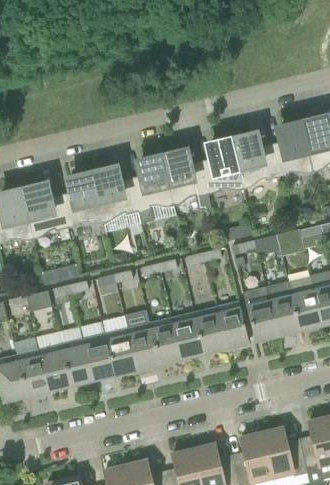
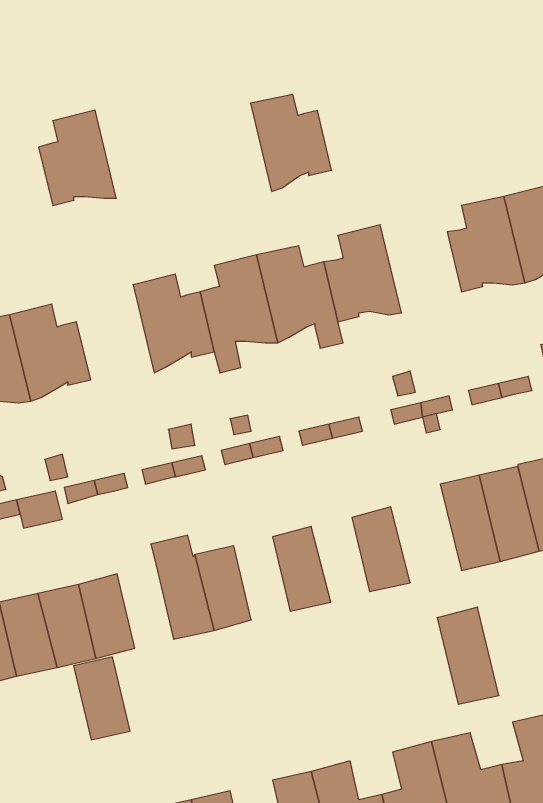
building: [232,134,278,189] -> [250,94,332,191]
building: [60,173,104,227] -> [39,110,116,205]
building: [243,285,278,340] -> [437,607,499,704]
building: [193,305,226,353] -> none
building: [149,316,181,363] -> none
building: [83,332,115,379] -> [74,657,130,740]

